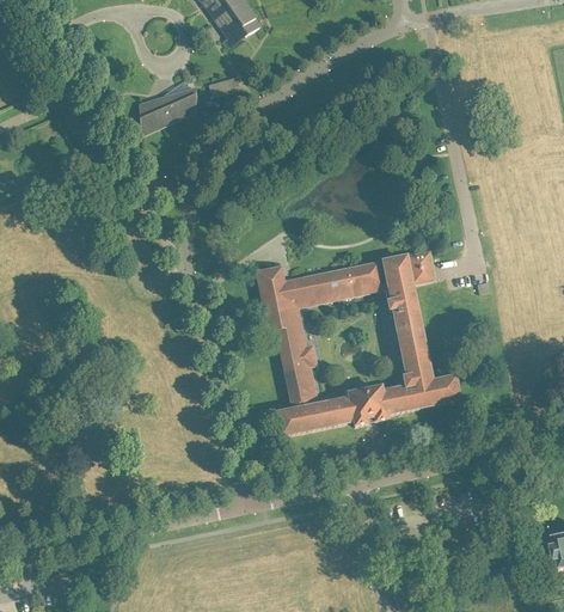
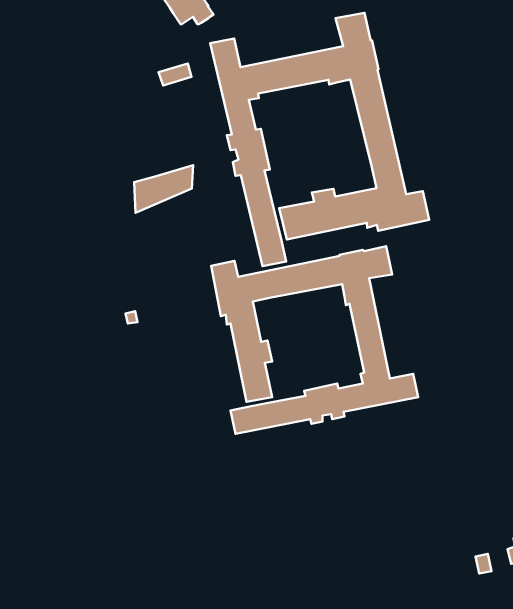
building: none -> [210,13,429,266]
building: [139,85,196,131] -> [134,165,193,213]

